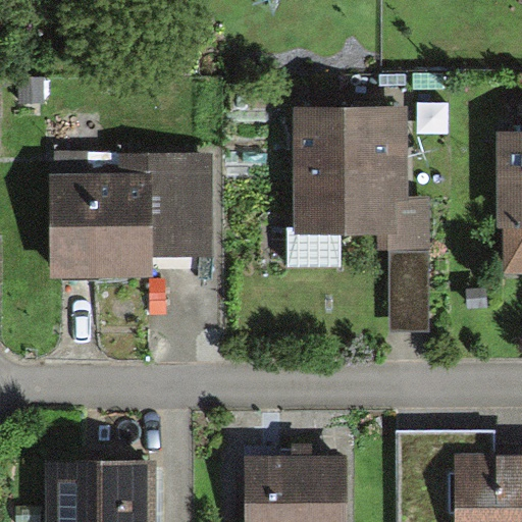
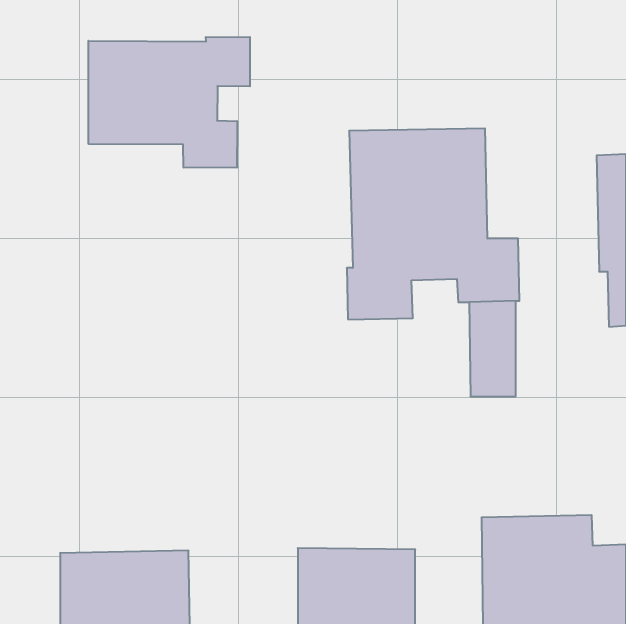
building: none -> [88,37,250,168]
building: [54,152,212,277] -> none

